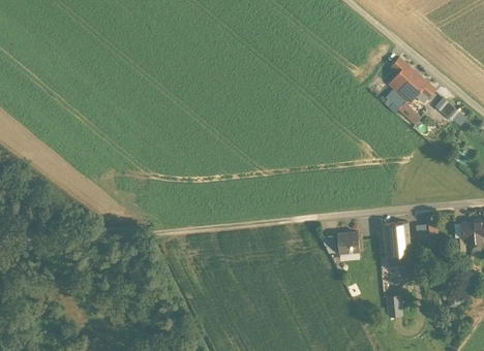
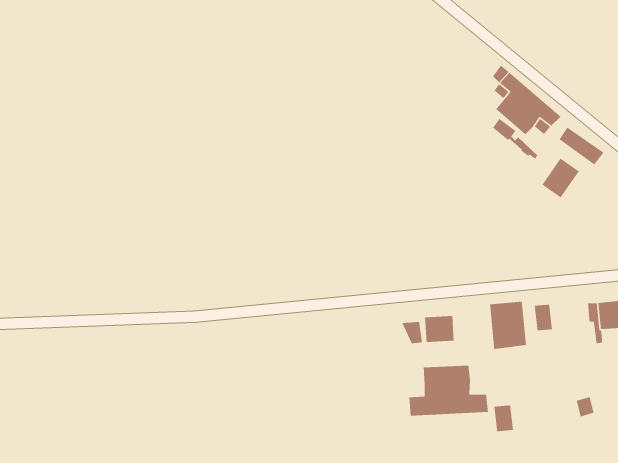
building: none -> [541,158,580,199]
building: none -> [409,365,489,417]

